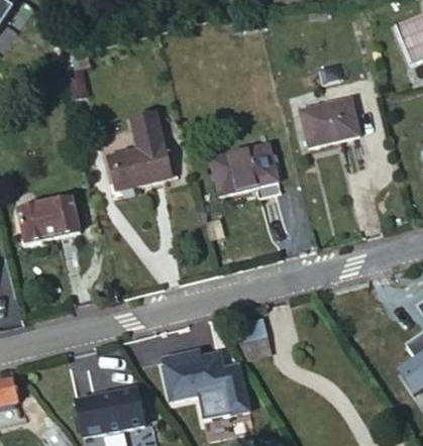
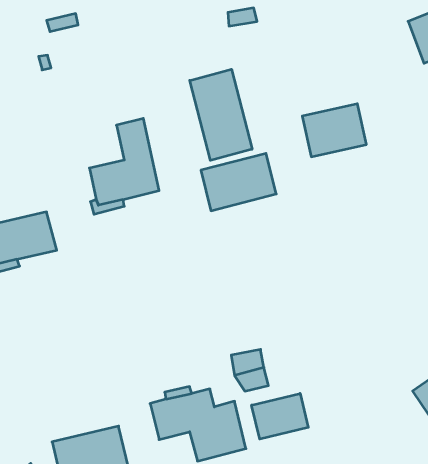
building: none -> [190,69,252,160]
building: none -> [252,393,308,439]

